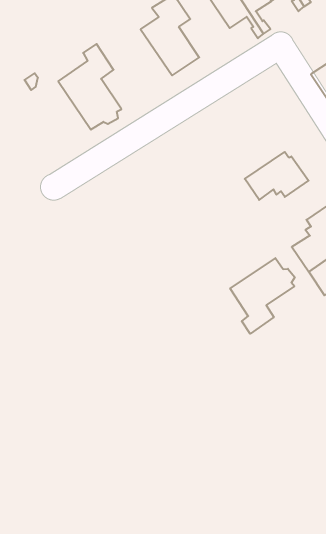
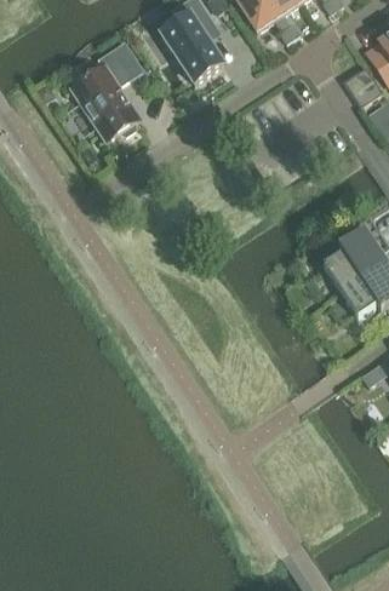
building: [245,152,309,200] -> none
building: [230,258,295,334] -> none

